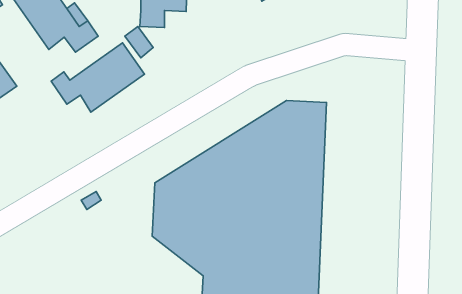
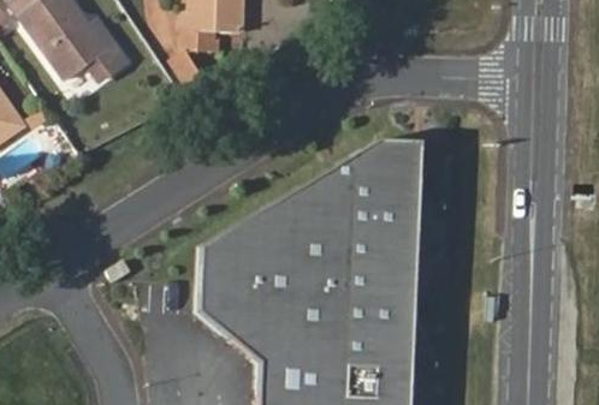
building: [51,43,145,112] -> none

